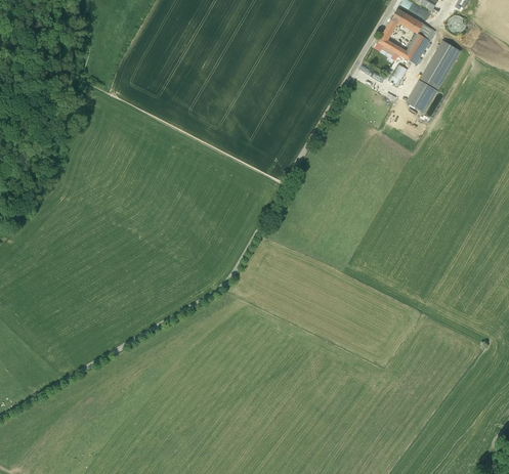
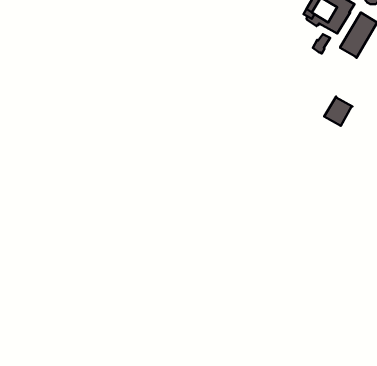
building: [405,80,436,113] -> [324,97,352,126]

